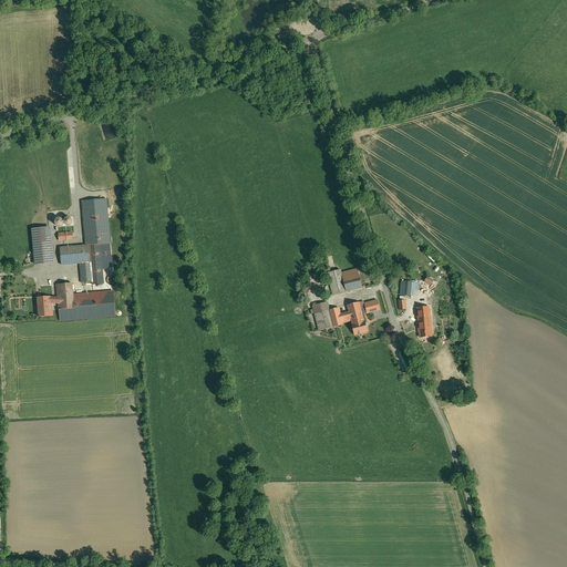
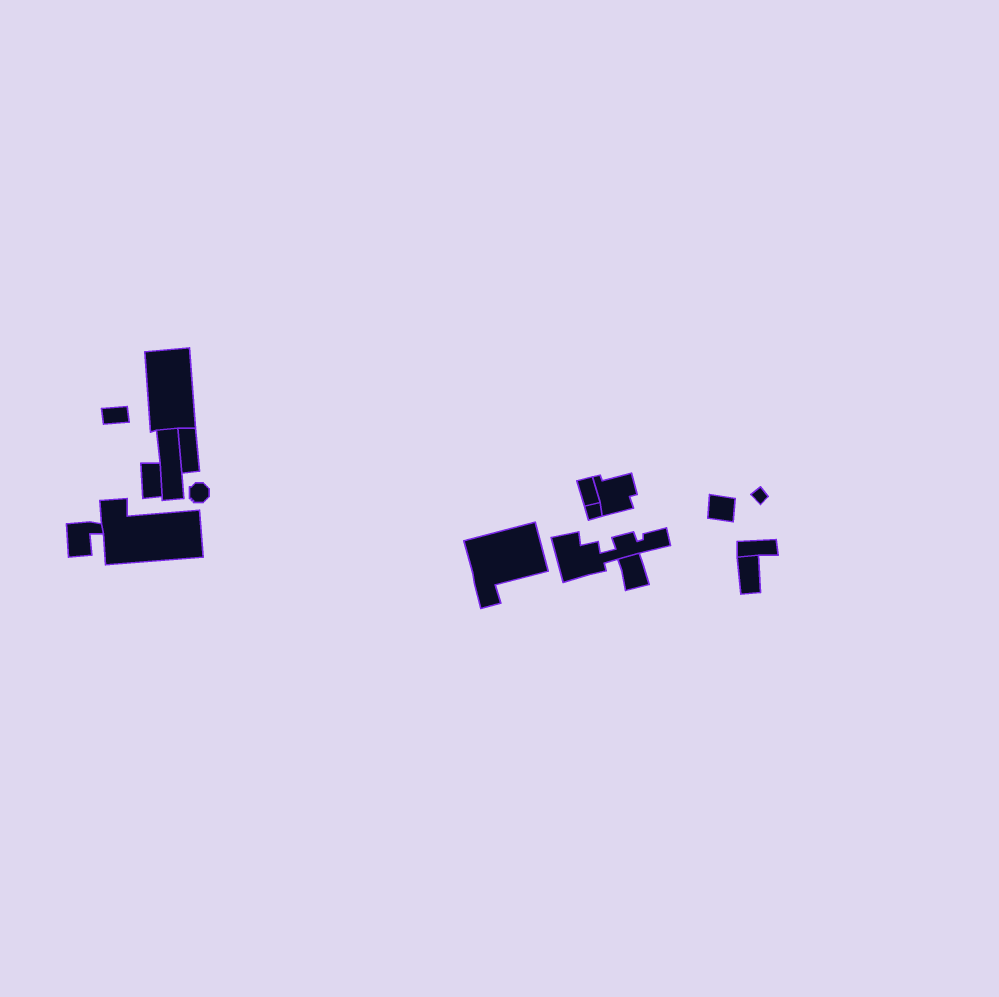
building: [31,226,54,264] -> none
building: [60,244,91,265] -> none
building: none -> [464,522,548,608]

